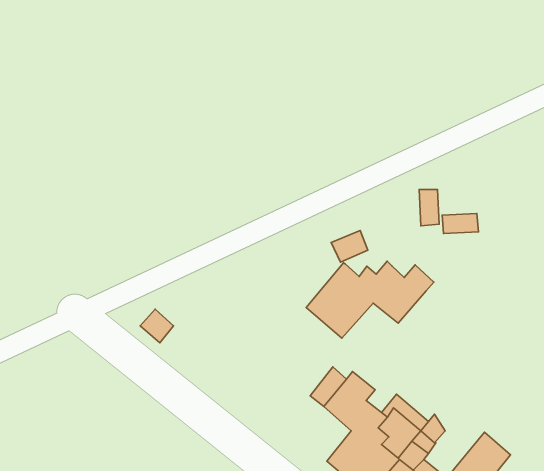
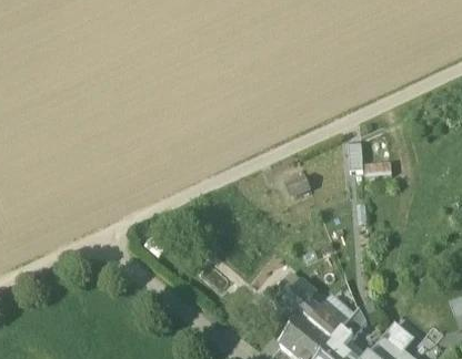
building: [306,261,434,338] -> none

